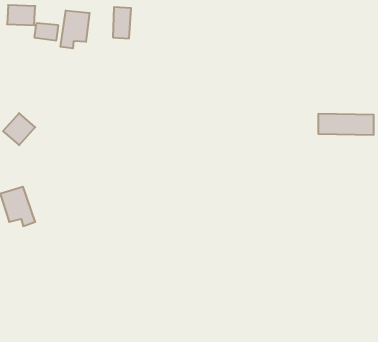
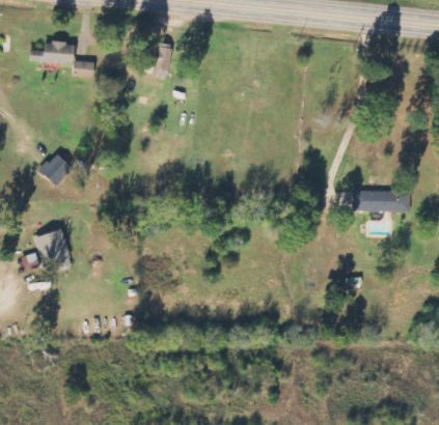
building: [60,10,90,48] -> none
building: [318,114,374,135] -> [352,190,409,211]

